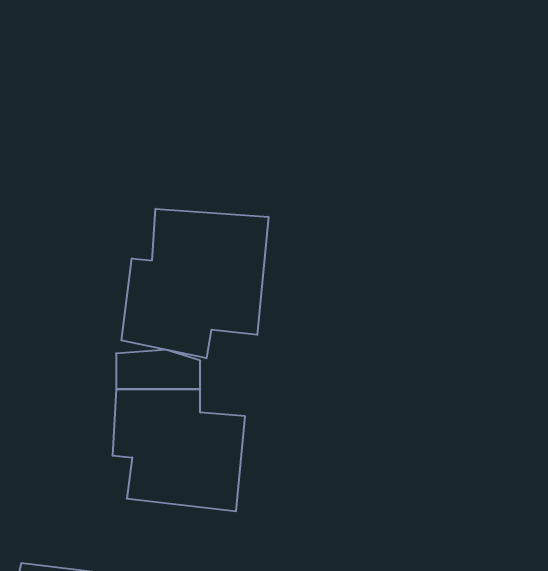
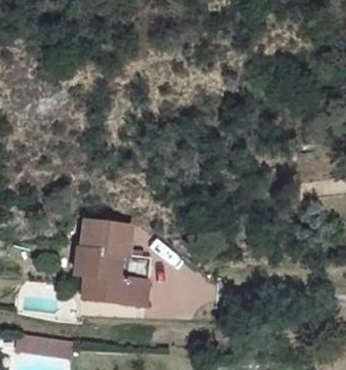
building: [121,209,268,358] -> none

